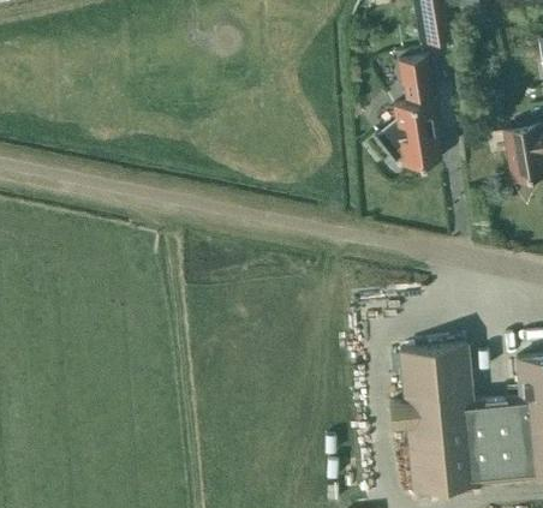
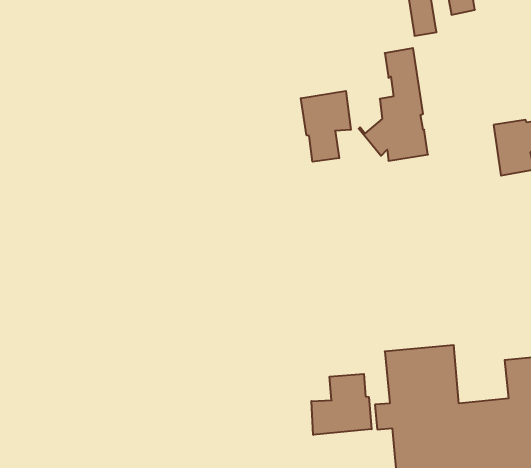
building: none -> [301,91,351,162]
building: none -> [311,374,372,435]

